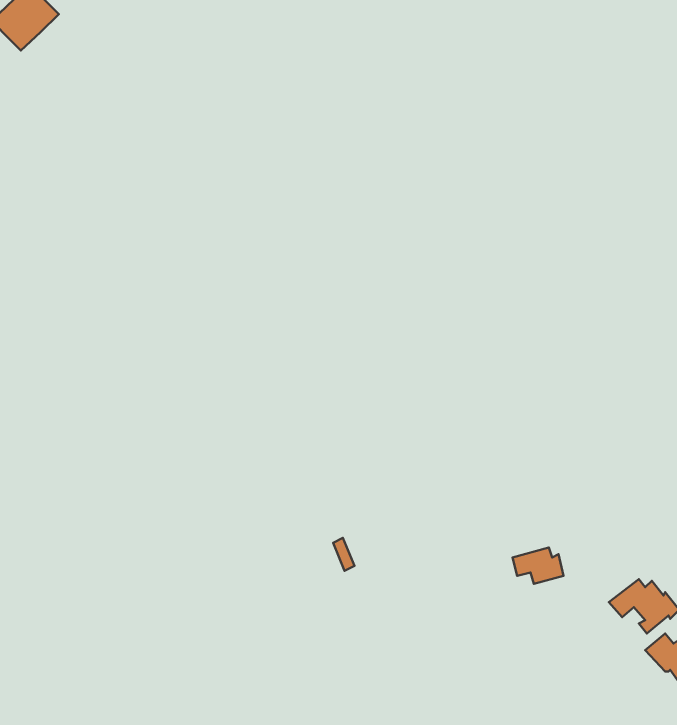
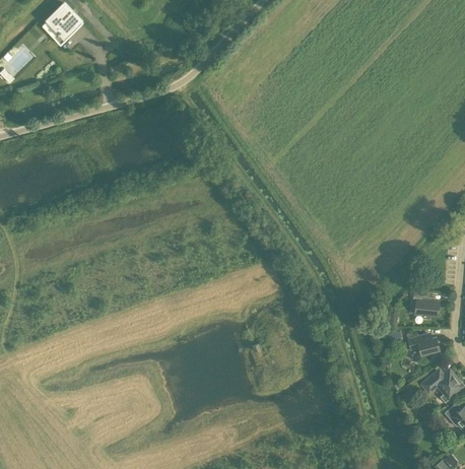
building: none -> [411,292,438,318]
building: [512,548,564,584] -> [406,332,438,354]

